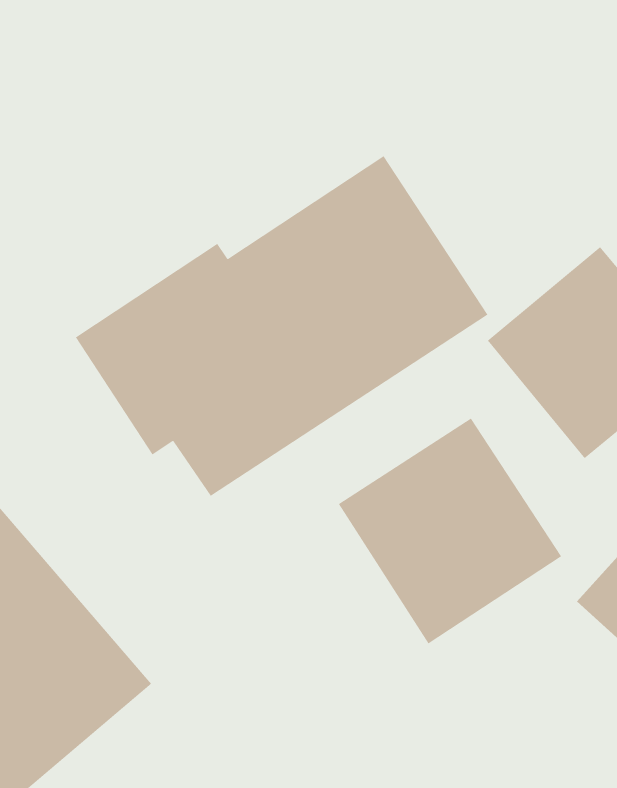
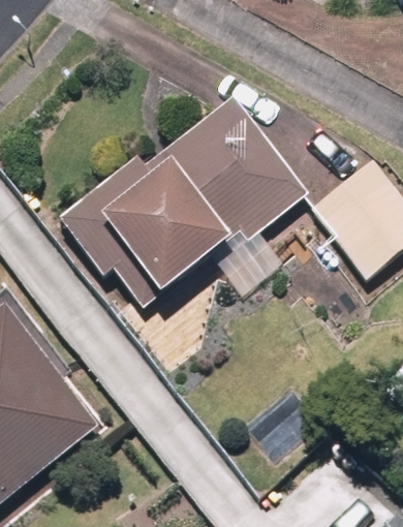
building: [338,417,562,645] -> none

